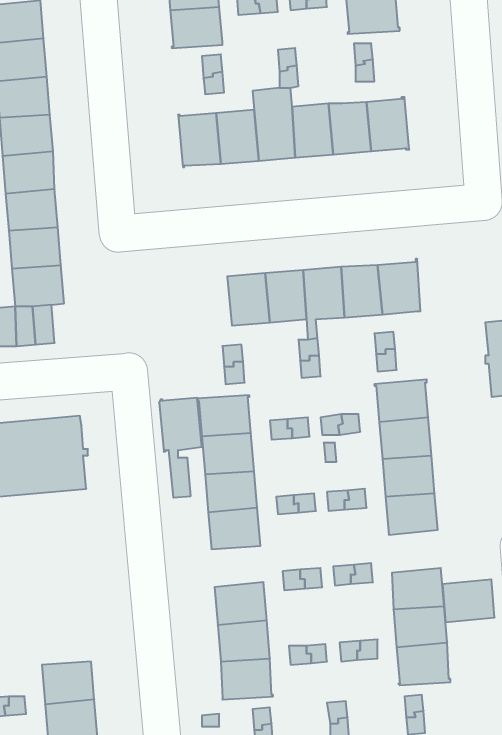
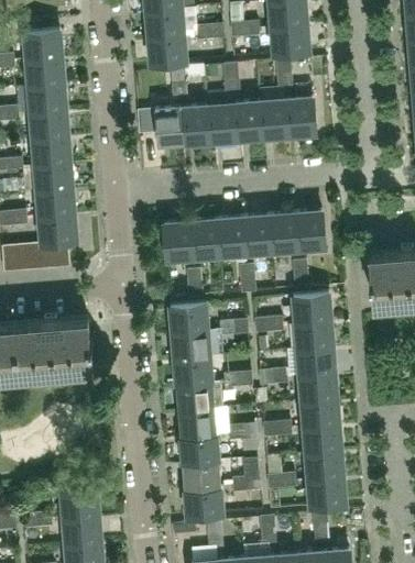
building: [159,398,202,498] -> [163,221,193,290]
building: none -> [178,408,215,437]
building: [442,579,495,622] -> [302,397,338,427]

